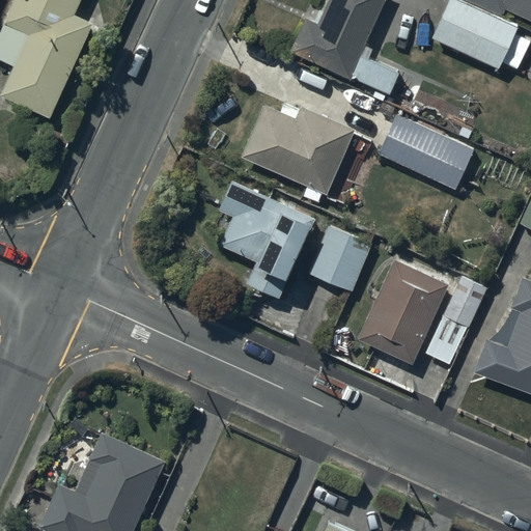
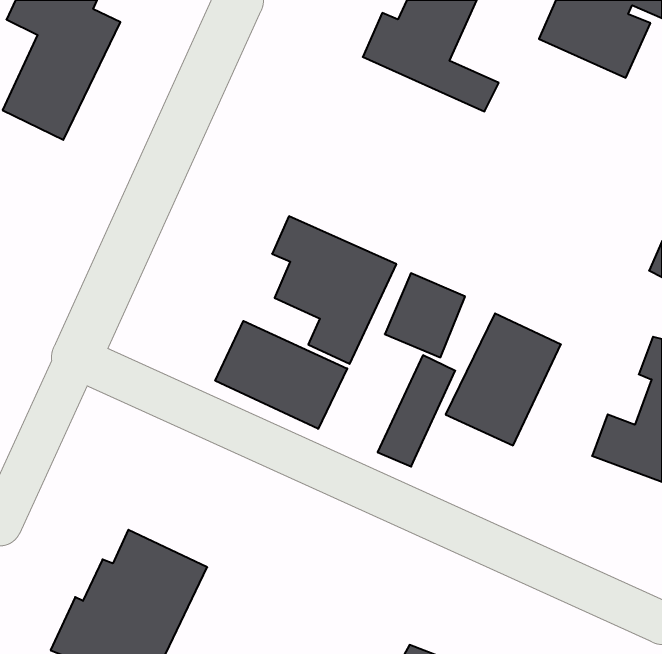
building: [241,104,356,208] -> none
building: [378,115,475,190] -> none
building: none -> [215,321,347,429]
building: [425,276,487,365] -> [378,355,455,467]

